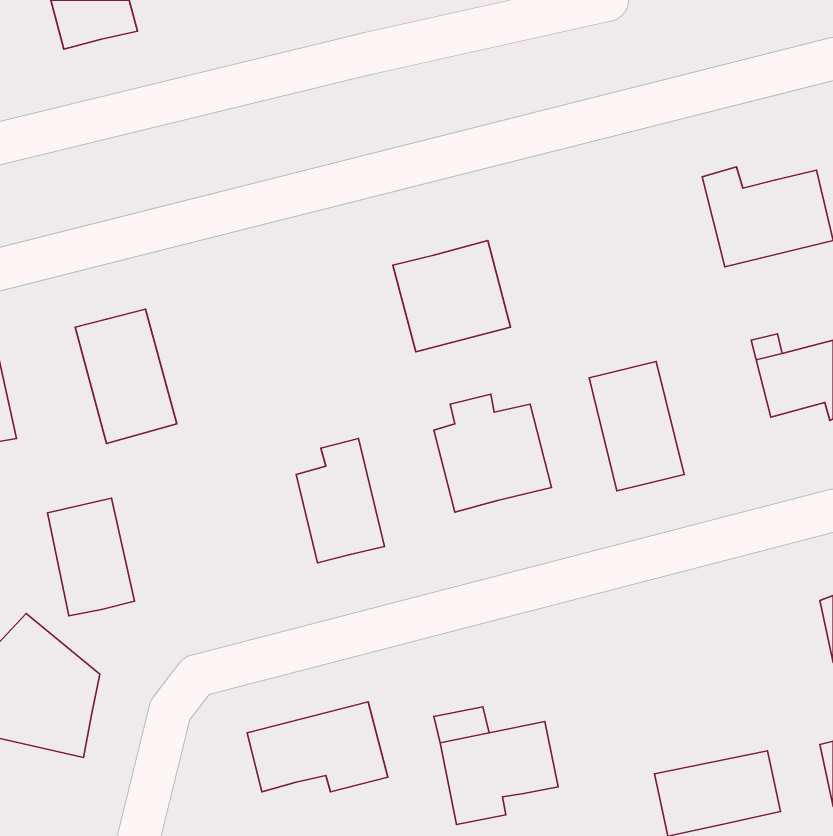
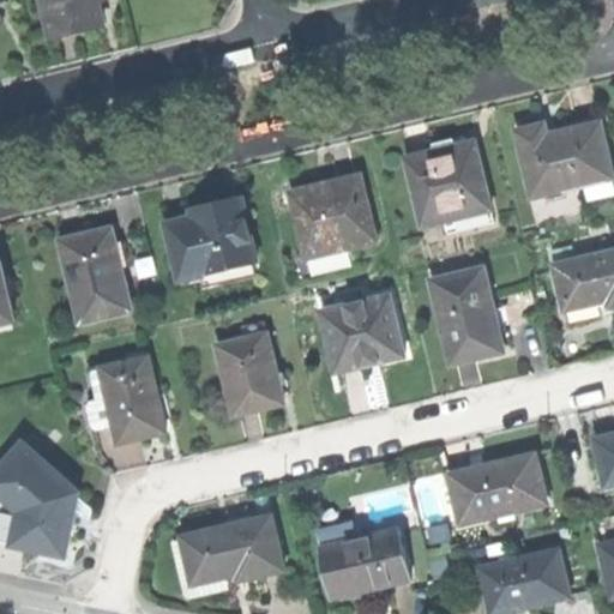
building: none -> [407,143,494,236]
building: none -> [162,192,259,288]
building: [48,498,134,616] -> [101,355,164,441]
building: none -> [452,452,548,520]

